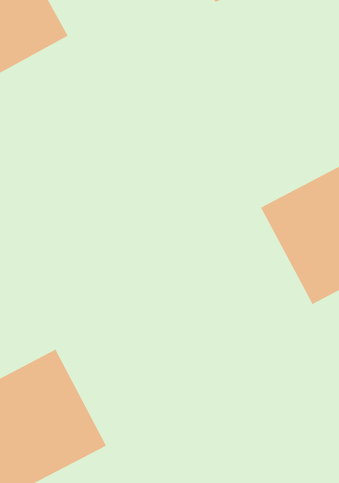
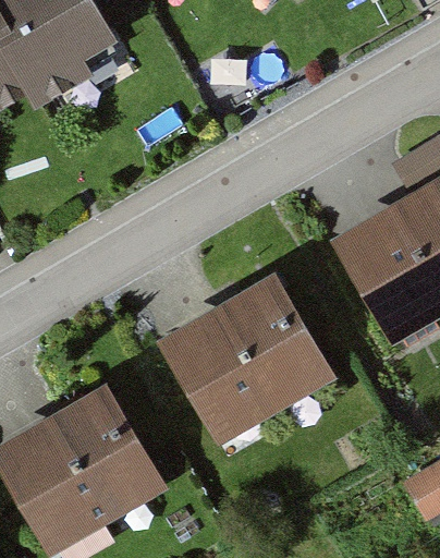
building: none -> [155,275,328,444]

